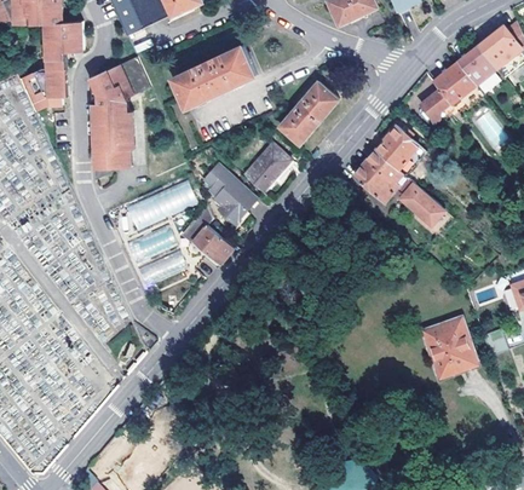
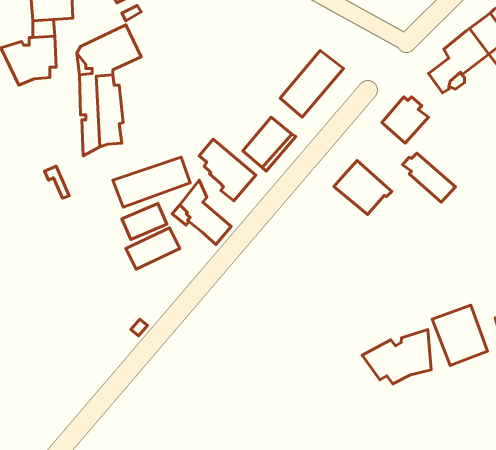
building: [173,46,255,108] -> none
building: [353,149,408,200] -> [334,161,392,215]
building: none -> [362,329,431,384]

